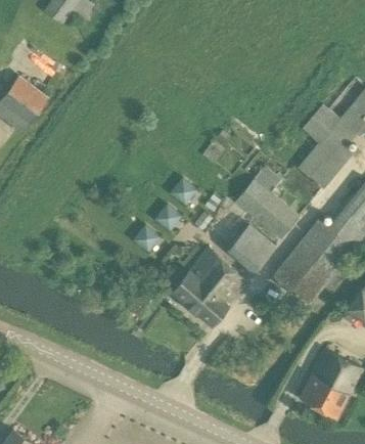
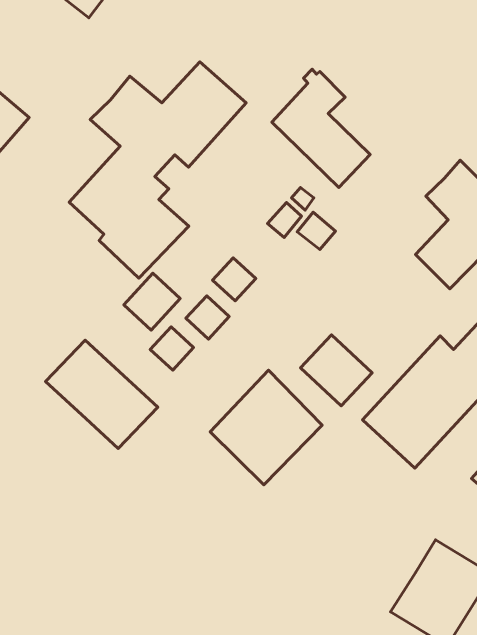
building: none -> [69,62,246,278]
building: [234,166,299,240] -> [272,69,370,188]
building: none -> [124,273,180,330]
building: none -> [45,340,158,448]

